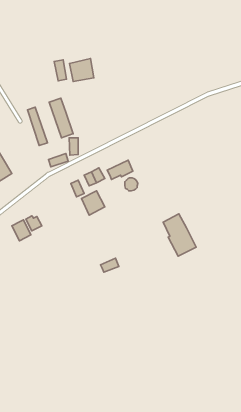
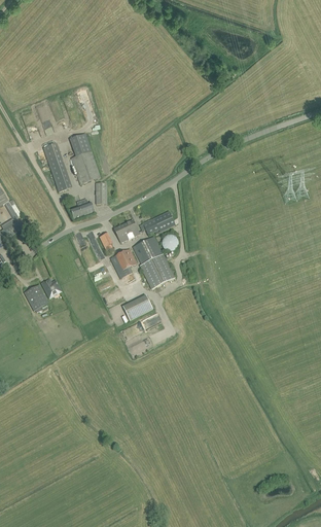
building: [70,58,94,82] -> none
building: [163,214,196,256] -> [133,236,174,288]
building: none -> [121,294,152,320]

